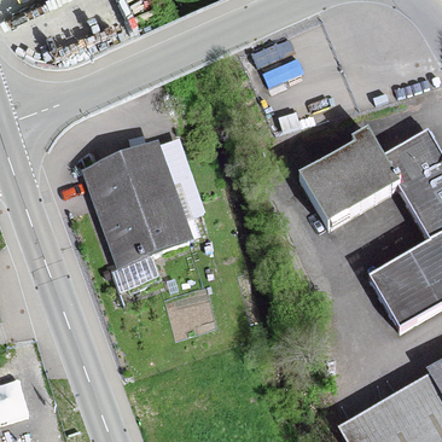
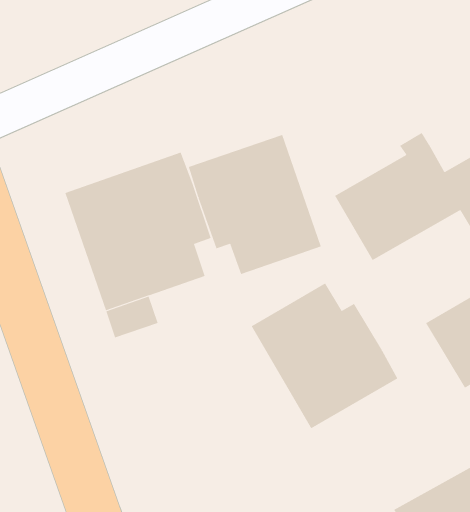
building: none -> [188,134,322,275]
building: none -> [251,283,398,429]

